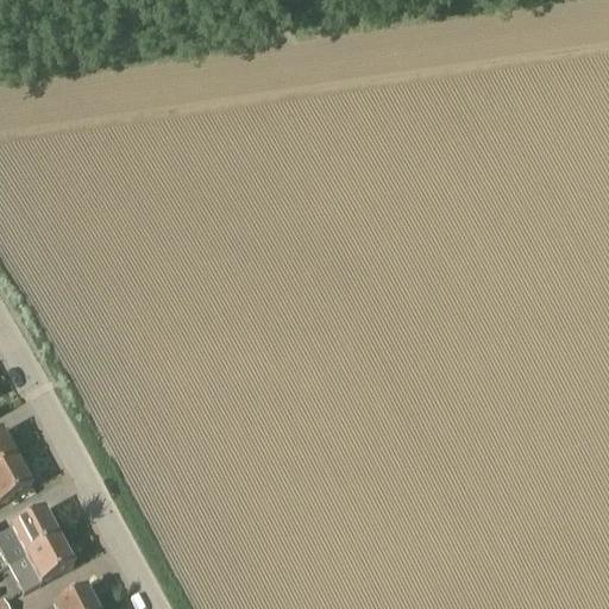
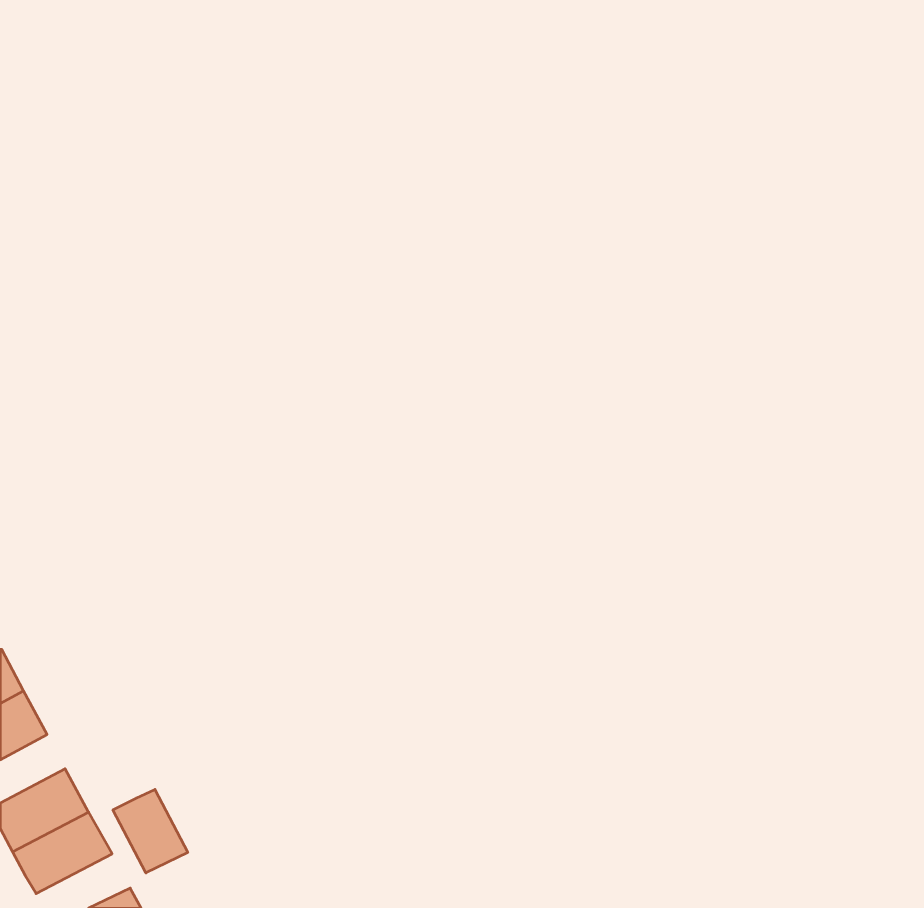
building: none -> [113,789,188,873]

